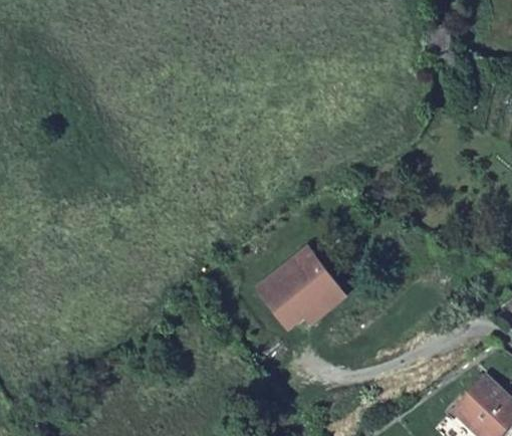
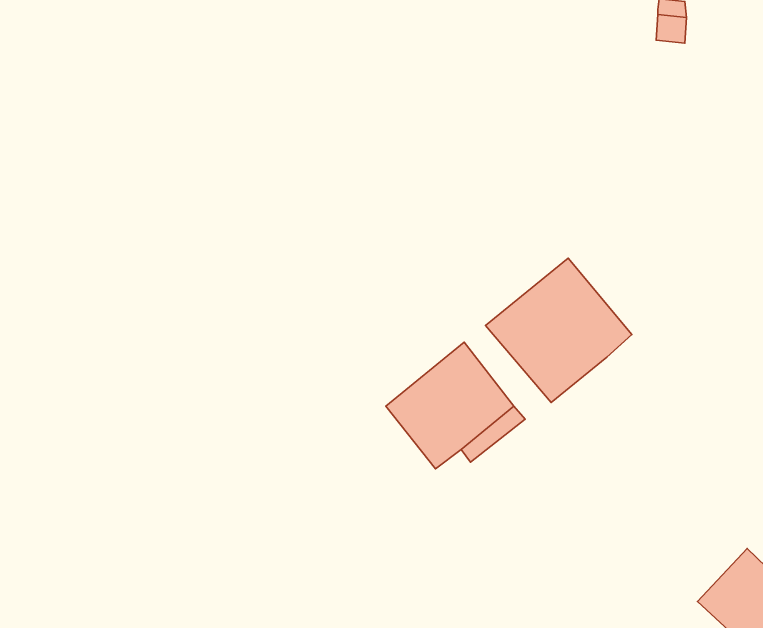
building: none -> [486,258,632,402]

